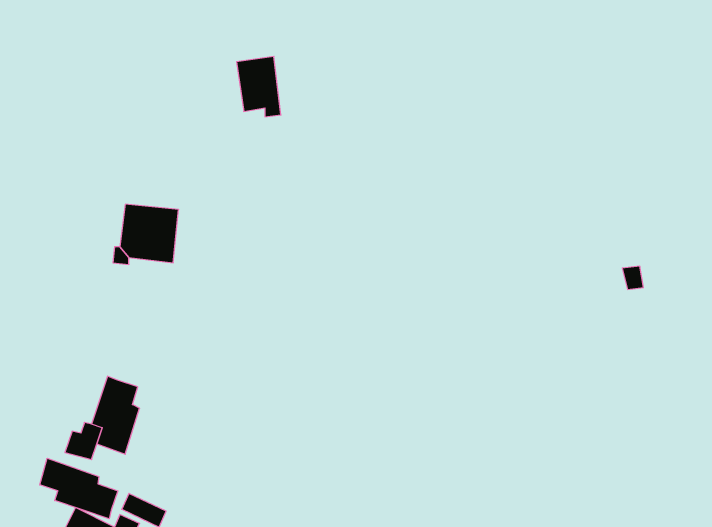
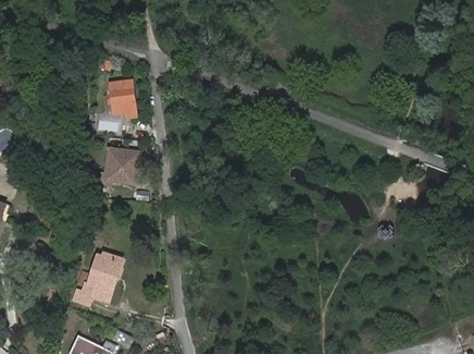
building: [237,56,281,117] -> [108,80,135,117]
building: [40,458,118,519] -> none

